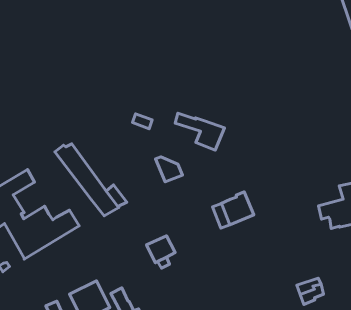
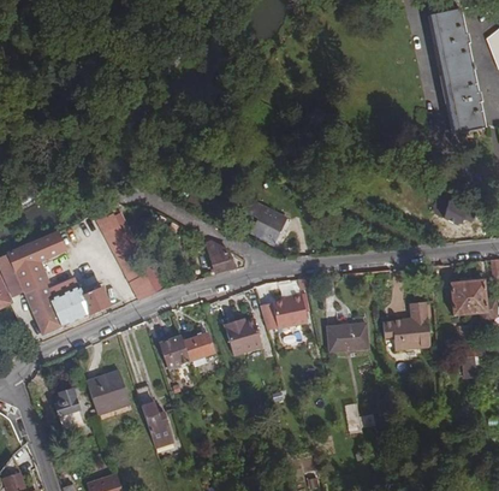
building: none -> [327,323,369,353]
building: none -> [226,315,263,353]
building: none -> [159,335,191,372]

